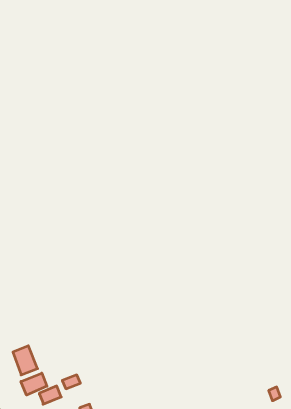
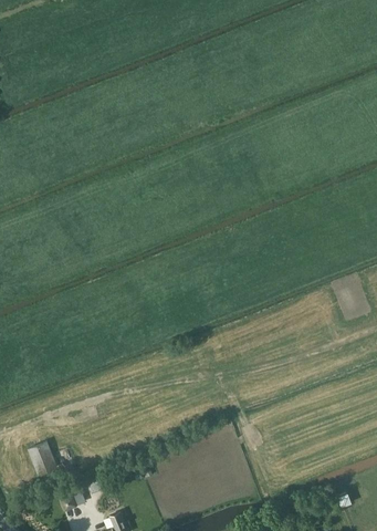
building: [21,373,47,395] -> none

